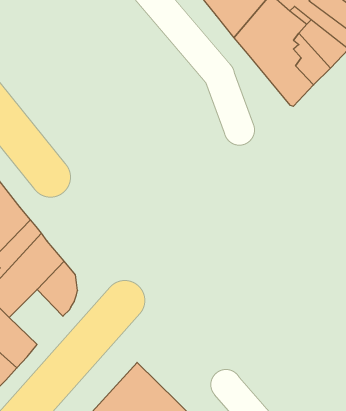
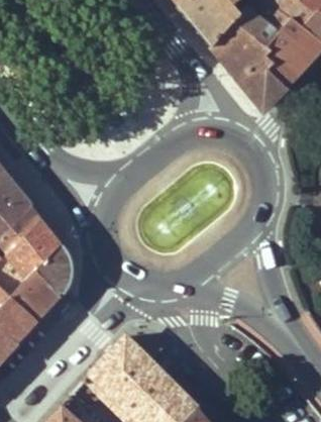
building: none -> [11,270,60,319]

